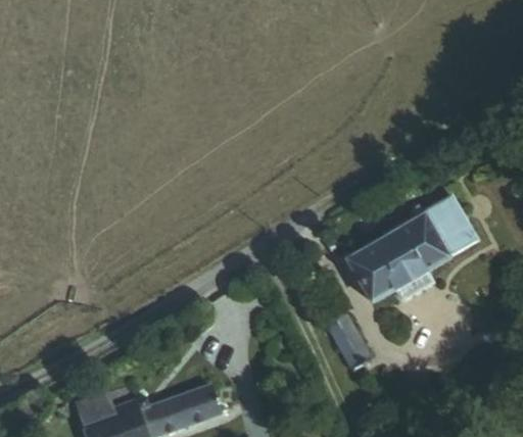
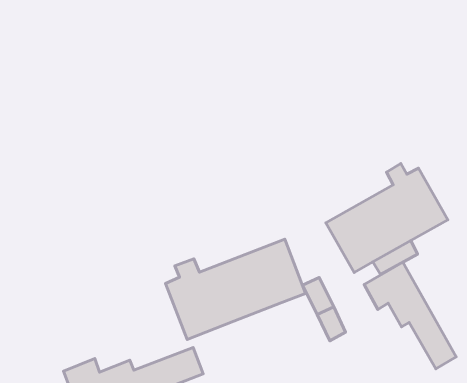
building: none -> [165,239,306,340]
building: none -> [364,262,456,369]

